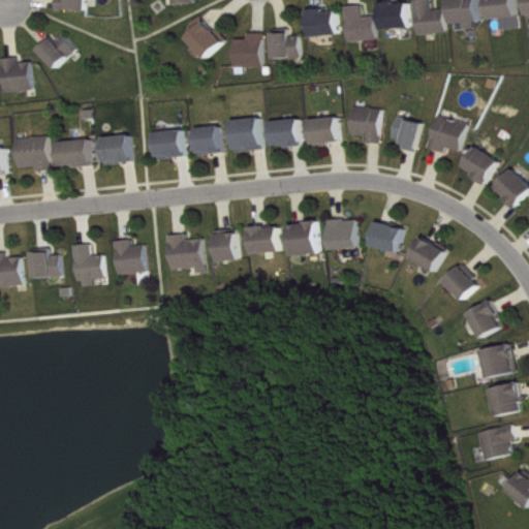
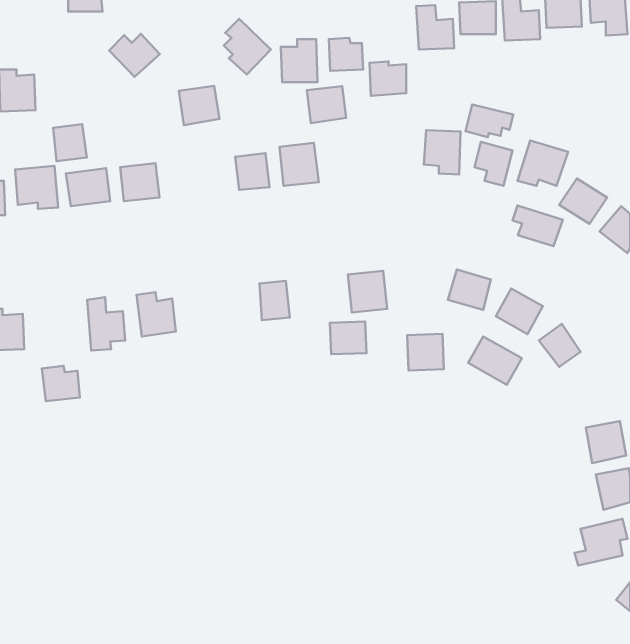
building: [304,8,334,36] -> [370,62,406,96]
building: [32,33,73,68] -> [109,34,160,77]
building: none -> [465,104,513,137]
building: none -> [53,124,87,161]
building: [306,117,336,143] -> none
building: [267,118,299,148] -> [307,86,346,123]
building: [151,128,184,160] -> [179,86,219,125]
building: none -> [513,206,563,246]
building: [324,219,354,249] -> [407,334,444,371]
building: [247,226,277,253] -> [330,321,367,354]
building: [166,234,201,271] -> none
building: [28,250,59,279] -> [42,366,80,401]
building: none -> [468,336,522,385]
building: [464,301,499,338] -> none

